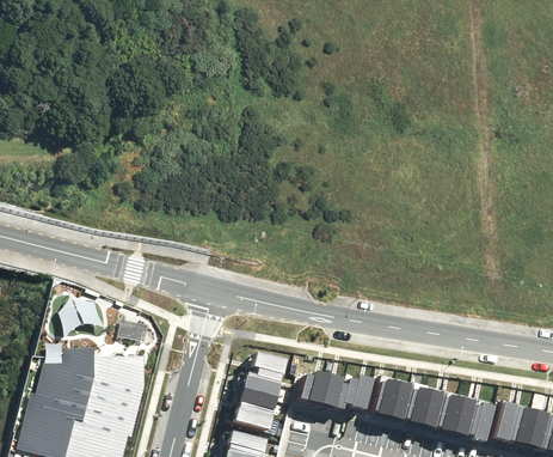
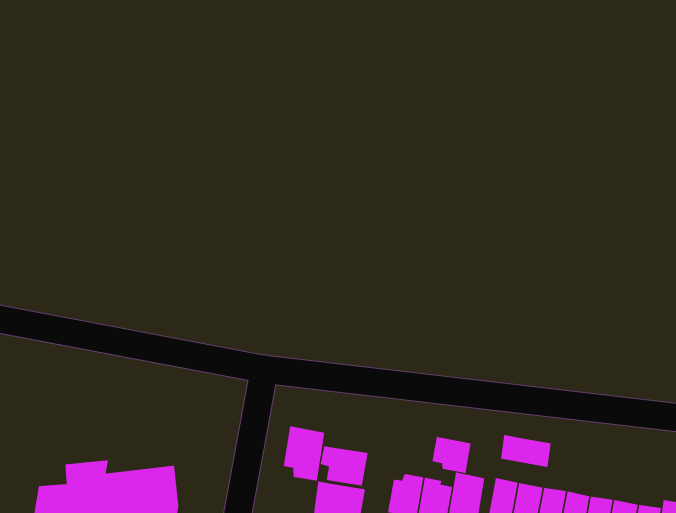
building: none -> [283,425,325,481]
building: none -> [432,436,471,474]
building: none -> [500,434,551,468]

